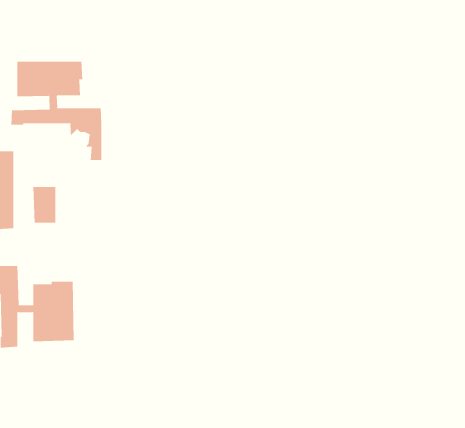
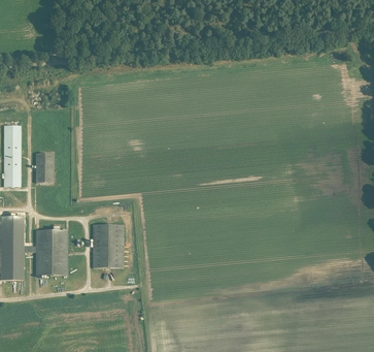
building: [11,61,102,161] -> none
building: none -> [92,225,123,268]

